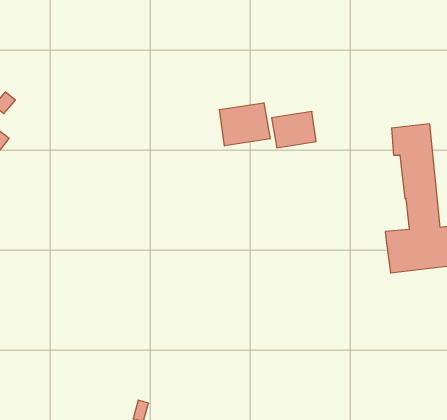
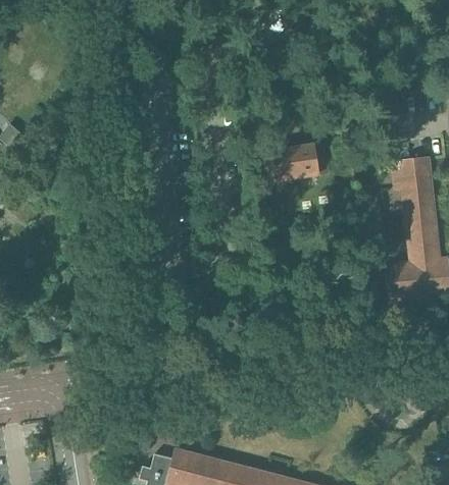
building: [219,103,270,146] -> none

